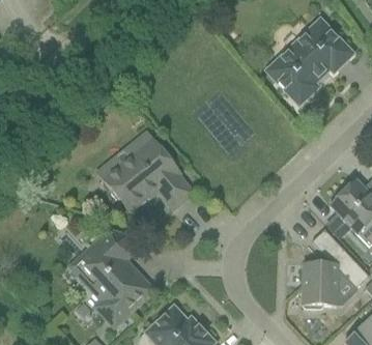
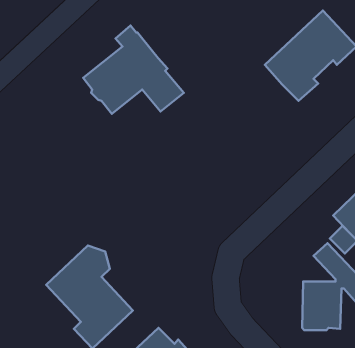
building: [103,132,193,210] -> [83,26,184,114]

